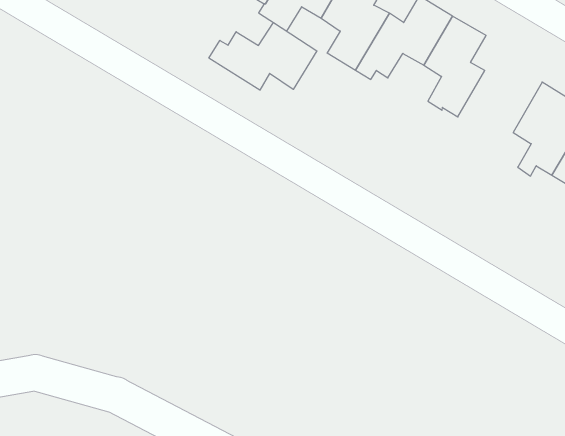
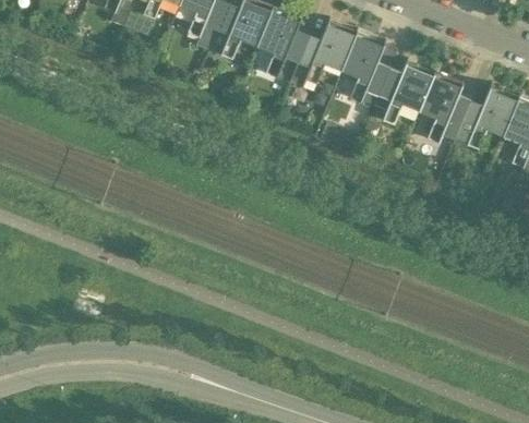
building: [209,23,317,90] -> none
building: none -> [374,59,435,125]

